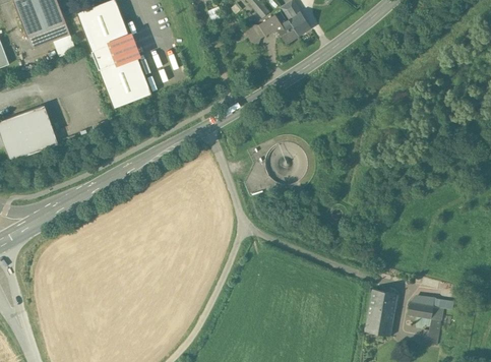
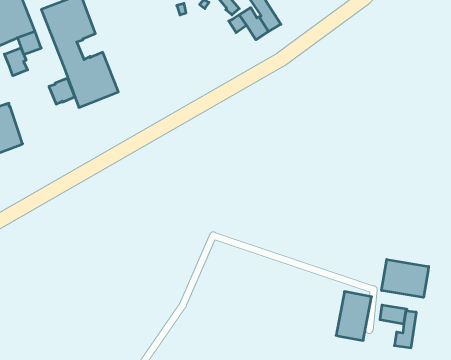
building: [111,36,136,61] -> [49,78,75,104]
building: none -> [4,48,28,76]
building: none -> [382,259,429,297]

